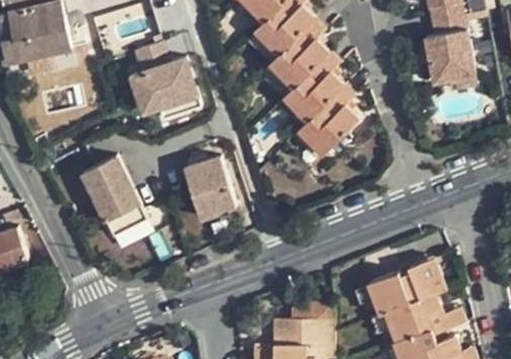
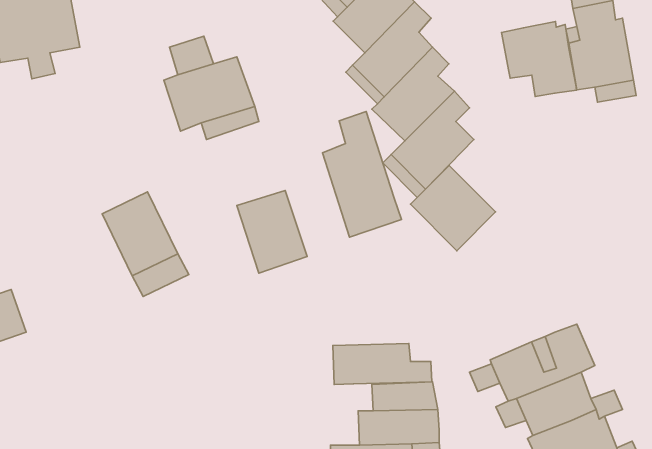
building: none -> [502,22,577,96]
building: none -> [322,112,401,237]
building: none -> [410,165,496,251]
building: none -> [333,344,432,384]

